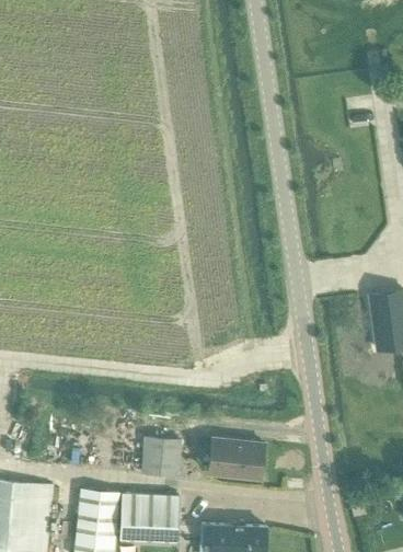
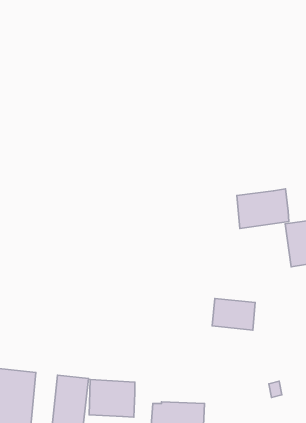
building: none -> [237,189,289,228]
building: [142,438,181,478] -> none
building: [209,439,264,480] -> [212,298,255,330]

